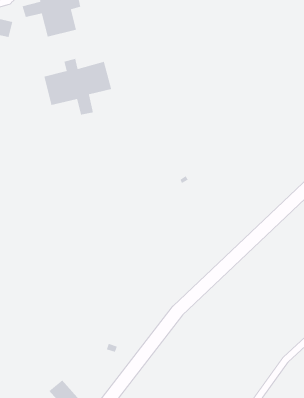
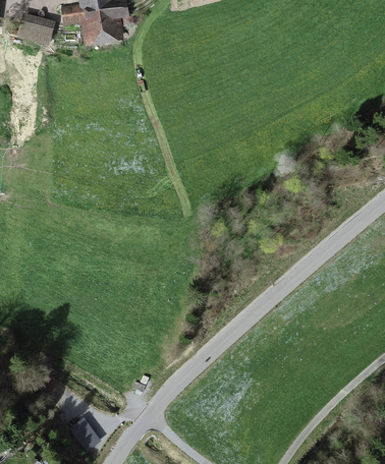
building: [43,58,112,116] -> none

